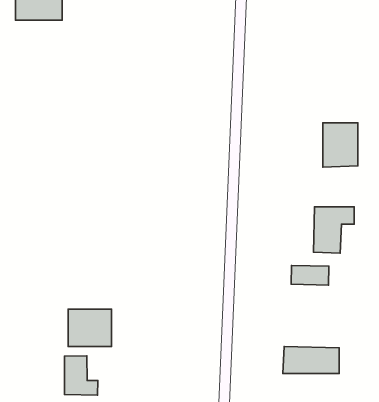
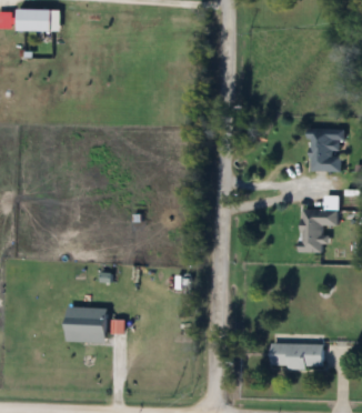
building: [291,265,329,285] -> none
building: [65,356,98,395] -> none

